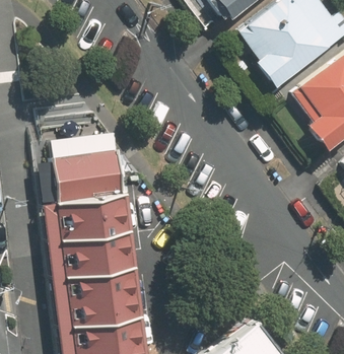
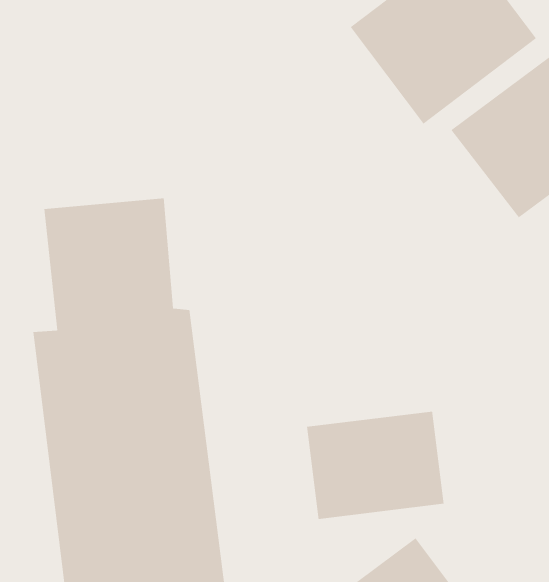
building: none -> [306,411,444,520]

